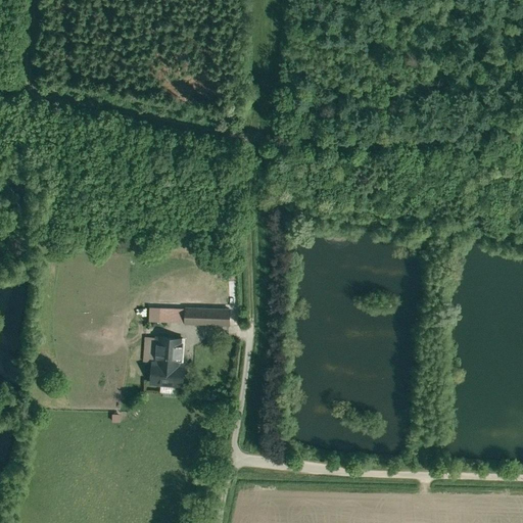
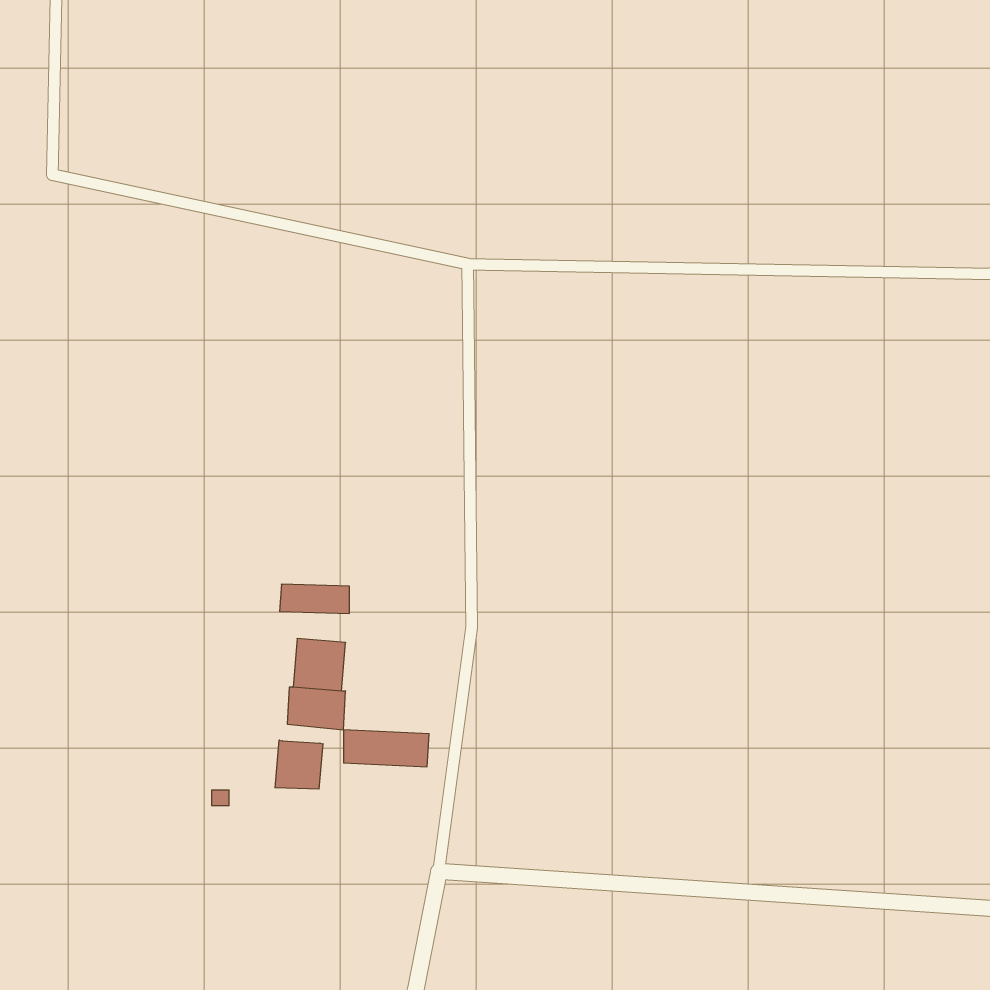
building: [184,307,229,327] -> [344,730,429,767]
building: none -> [275,740,323,789]

